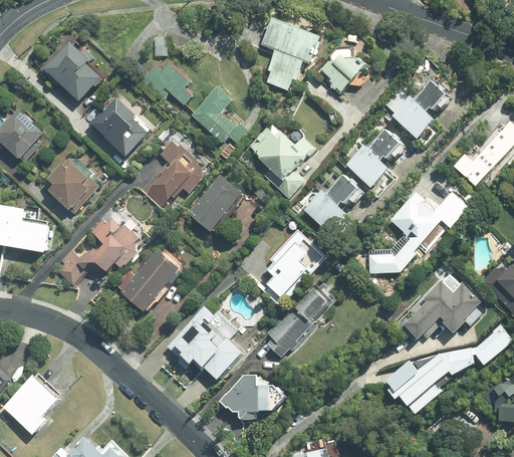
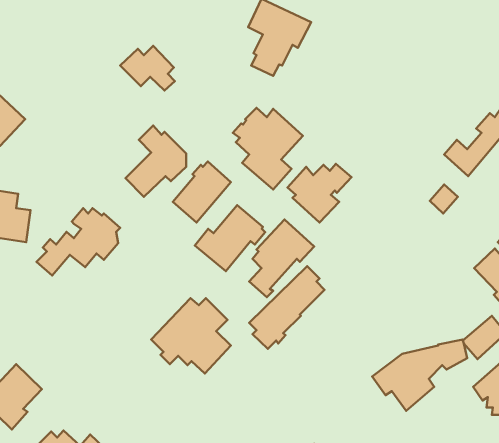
building: [39,41,102,101] -> none
building: [322,47,366,92] -> none
building: [383,81,450,141] -> none
building: [190,85,247,144] -> none
building: [81,97,149,157] -> none
building: [345,130,404,189] -> none
building: [42,153,94,211] -> none
building: [373,193,441,280] -> none
building: [114,247,183,311] -> [195,205,265,271]
building: [404,267,484,338] -> none
building: [221,376,286,419] -> none

